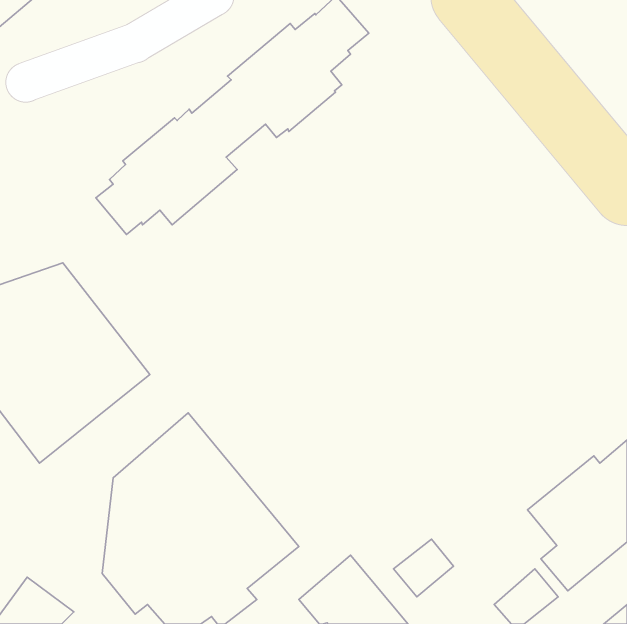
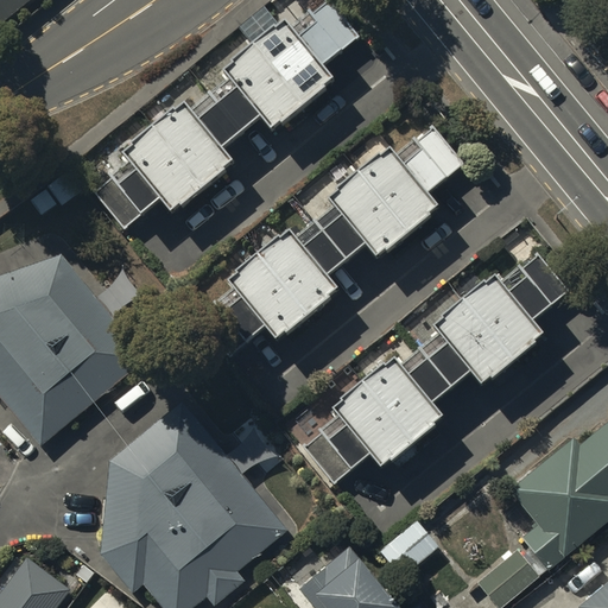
building: none -> [218,124,461,342]
building: none -> [319,249,564,476]

